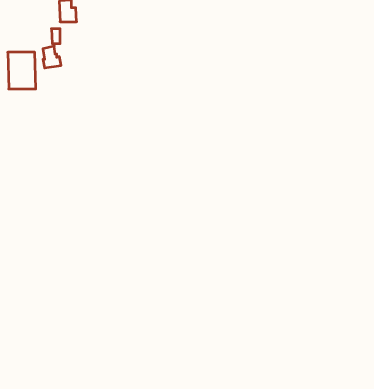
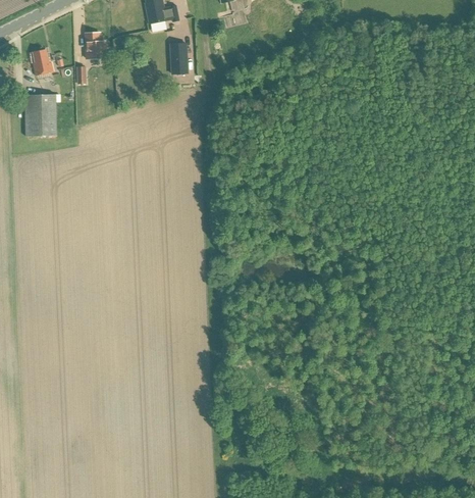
building: none -> [166,42,186,73]
building: [43,46,61,68] -> [33,47,54,72]

